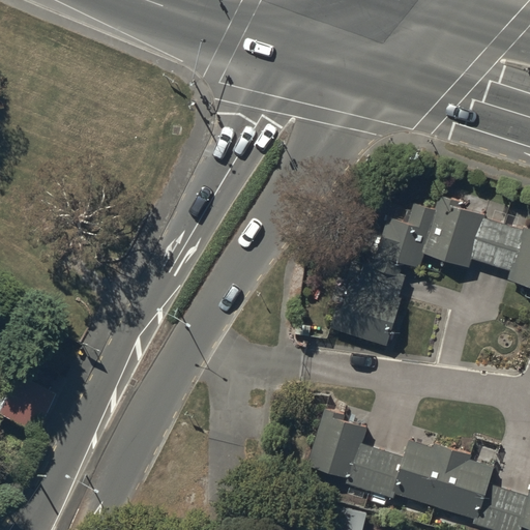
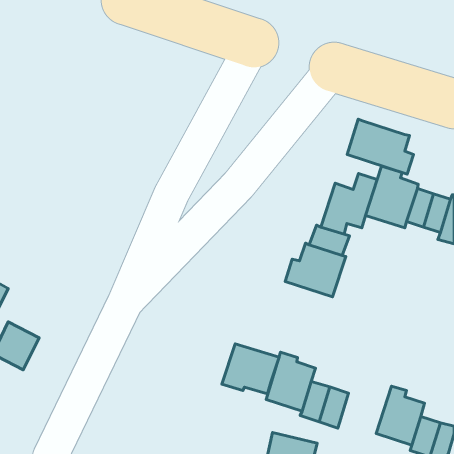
building: none -> [347,119,414,174]
building: none -> [222,344,279,394]
building: [393,444,453,505] -> none

